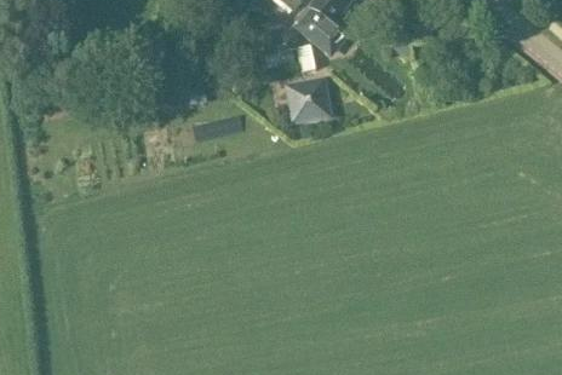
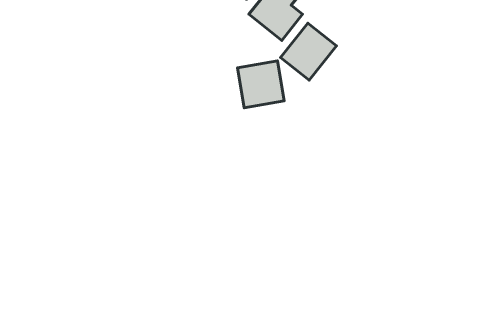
building: none -> [280,23,336,80]

